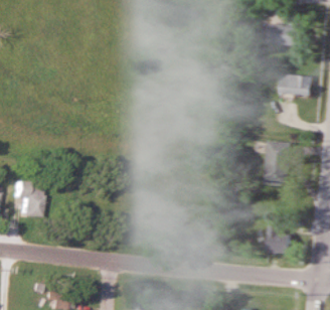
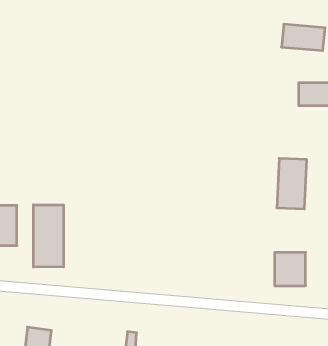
building: none -> [33,205,64,267]

